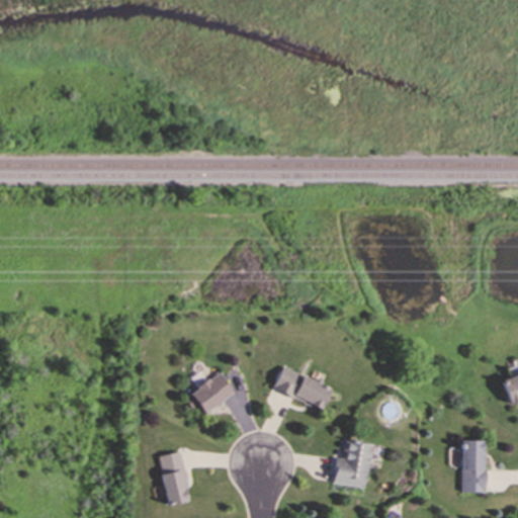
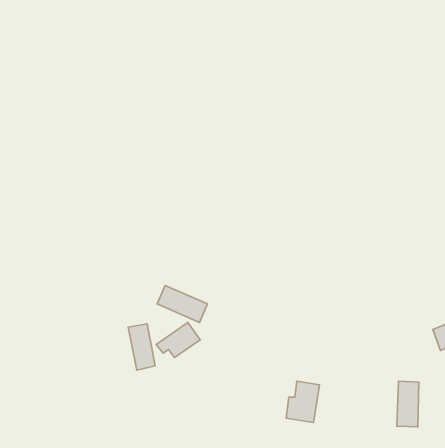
building: [274,367,332,410] -> [157,286,207,322]
building: [159,452,190,506] -> [128,324,155,370]

